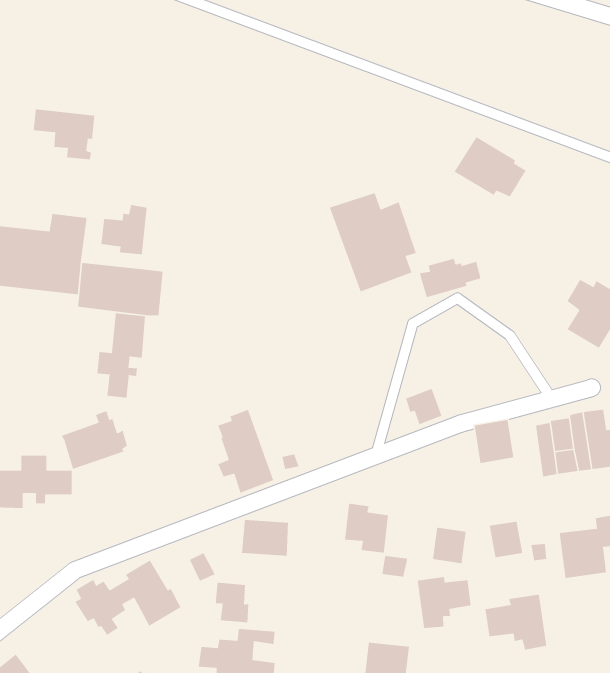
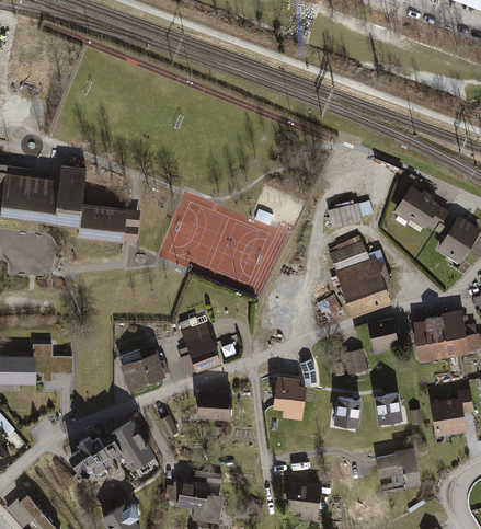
building: [33,108,95,160] -> none
building: [454,136,527,197] -> [393,187,447,232]
building: [329,192,417,292] -> [328,243,392,317]
building: [100,204,148,255] -> none
building: [97,313,146,398] -> none
building: [61,410,128,470] -> [121,346,170,390]
building: none -> [342,350,367,378]
building: [417,576,472,629] -> none
building: [215,582,249,623] -> none

